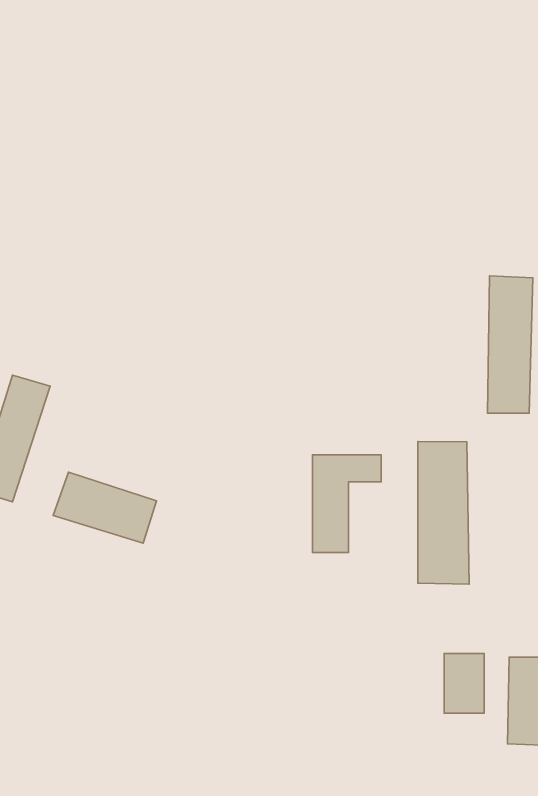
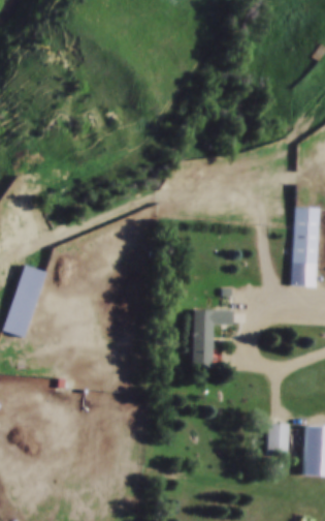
building: [418,441,469,584] -> none
building: [53,472,156,543] -> none

